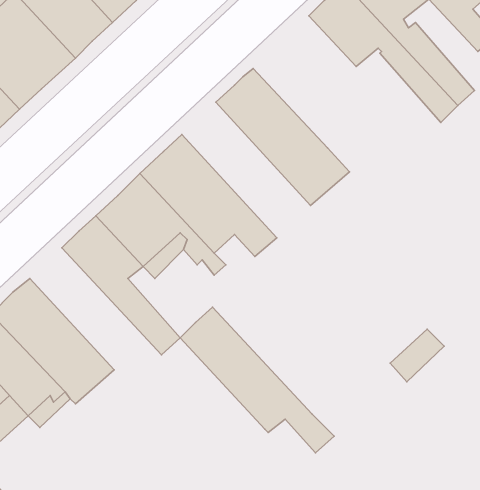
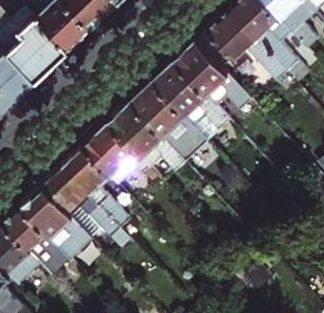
building: none -> [175,39,254,110]
building: none -> [132,79,209,160]
building: [180,307,334,453] -> [42,166,133,252]

